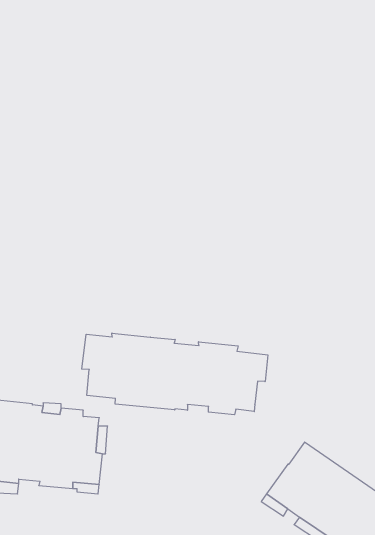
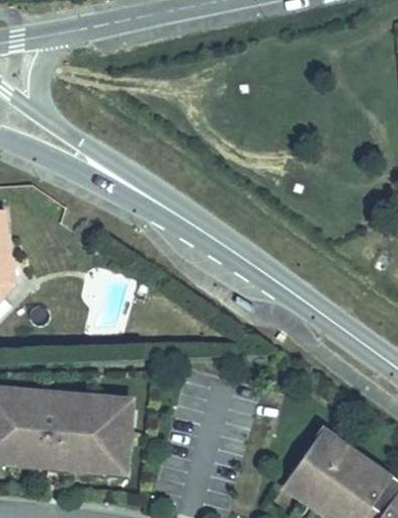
building: [82,333,268,415] -> none

